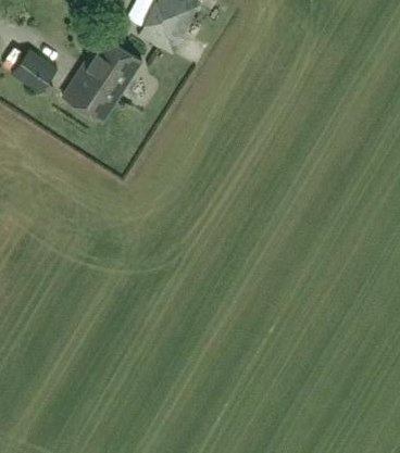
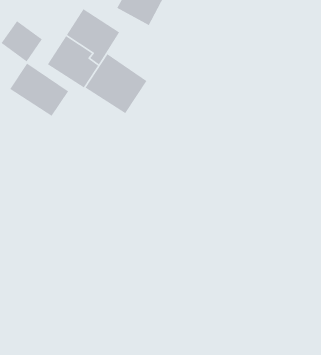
building: none -> [84,53,148,114]
building: none -> [9,62,69,117]

